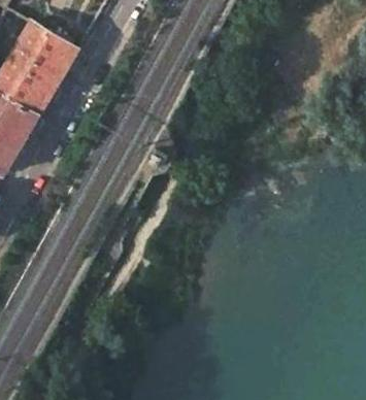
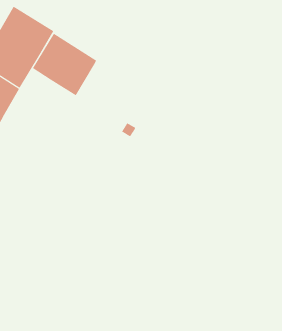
building: none -> [32,33,97,96]

